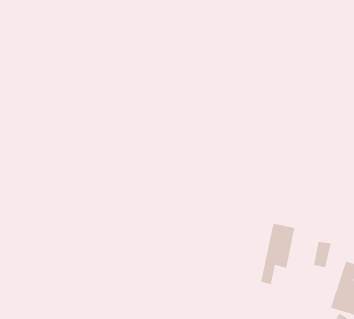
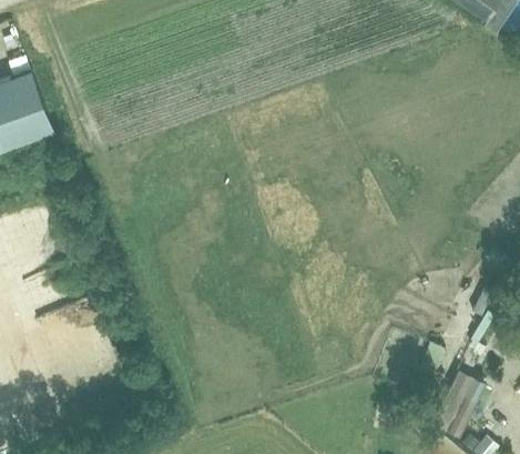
building: [261,223,295,285] -> none

